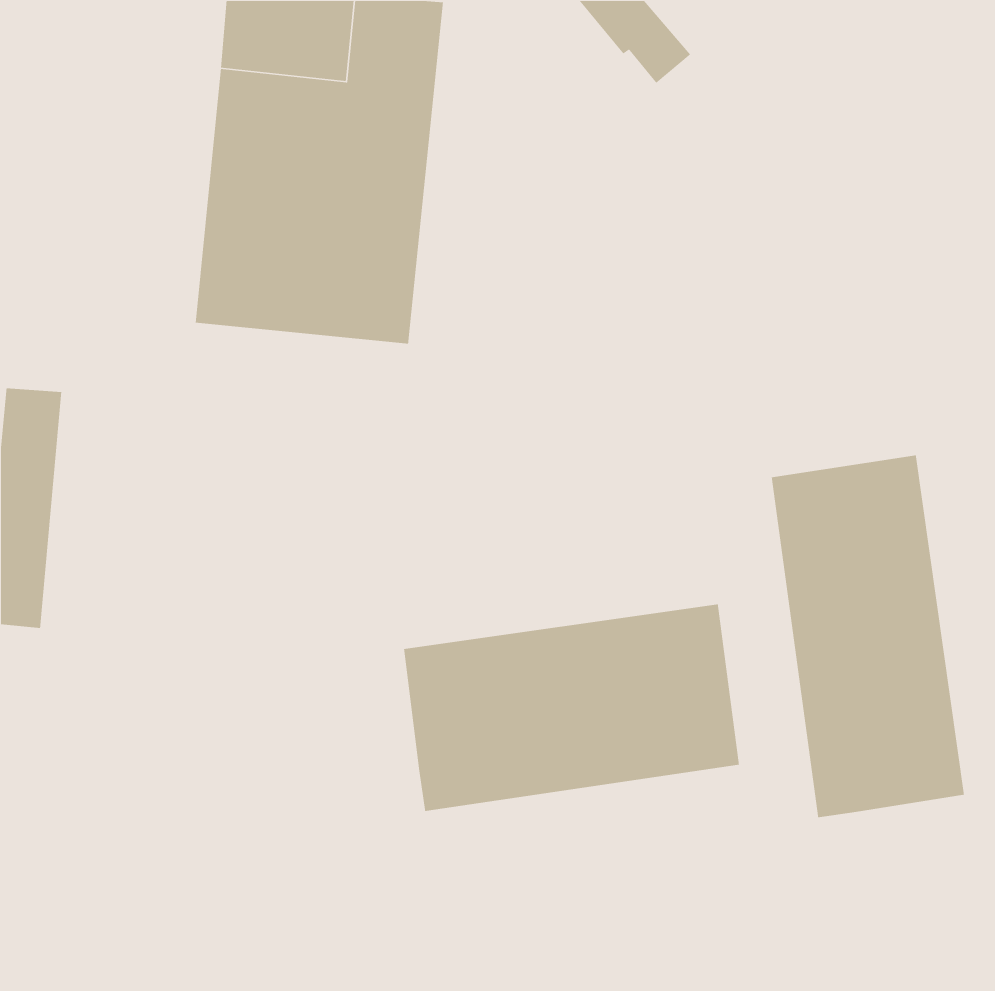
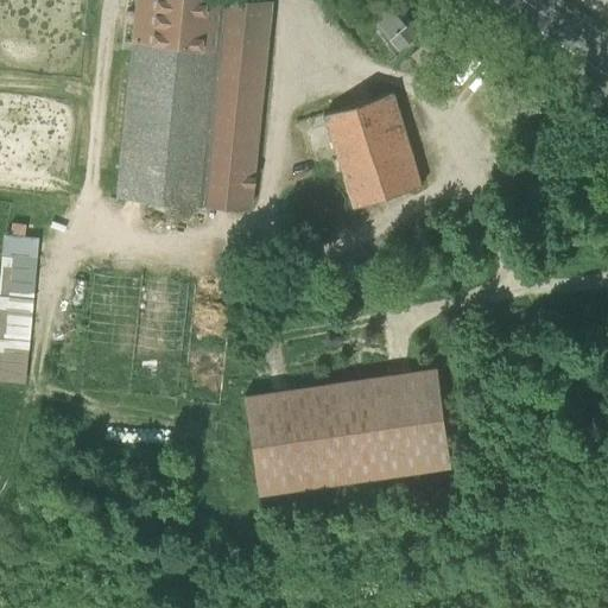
building: none -> [325,95,423,210]
building: [771,454,965,818] -> none

